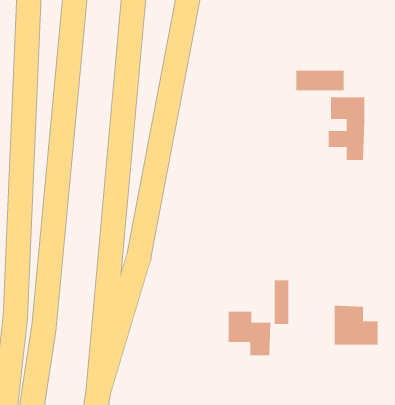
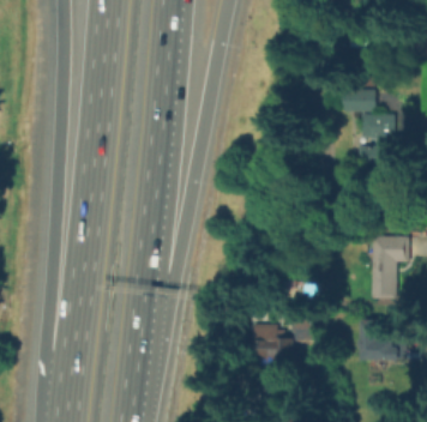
building: none -> [369,236,404,297]

